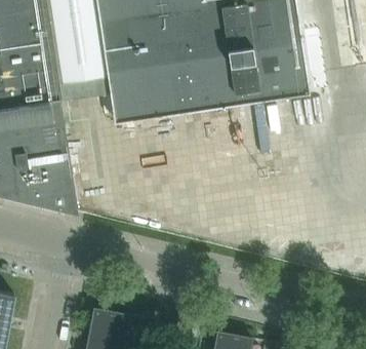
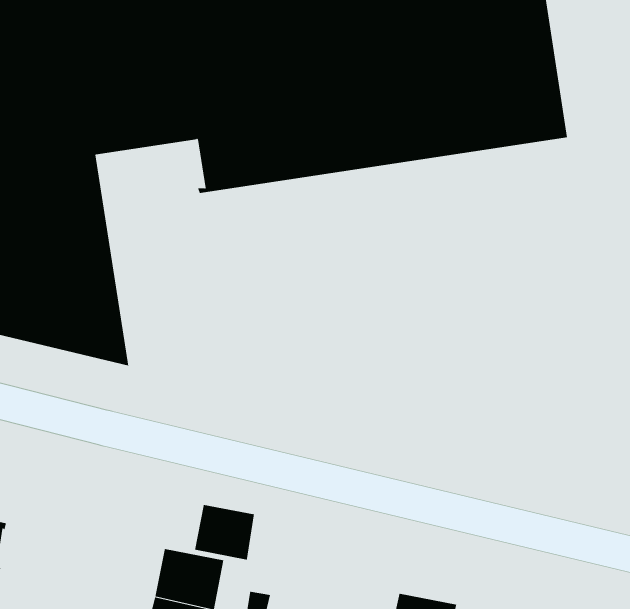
building: none -> [194,504,254,561]

